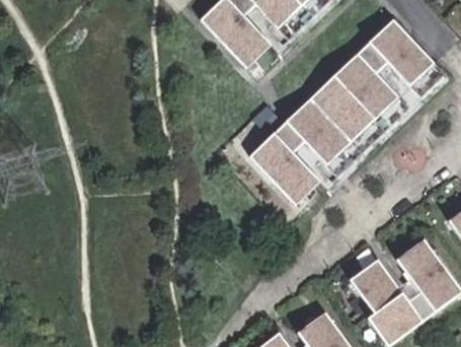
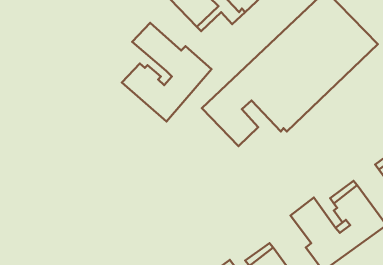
building: none -> [122,23,212,121]
building: [289,145,345,204] -> none

